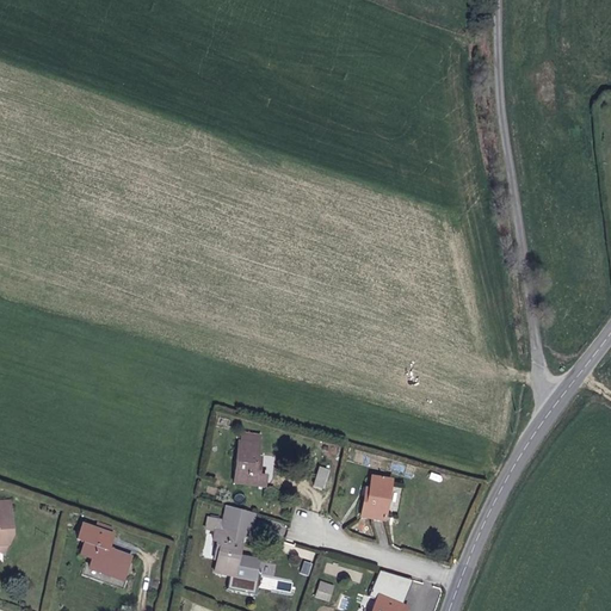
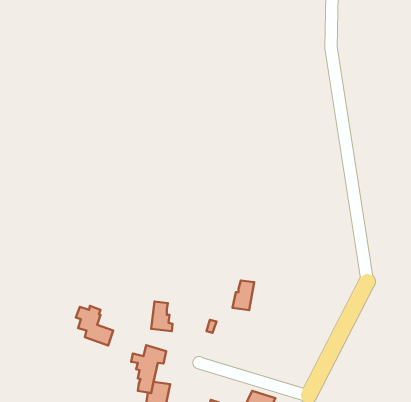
building: [362,476,393,519] -> [233,280,254,310]
building: [78,521,131,579] -> [76,306,113,346]

